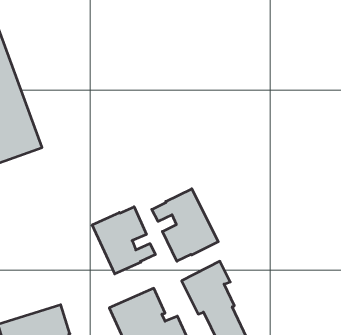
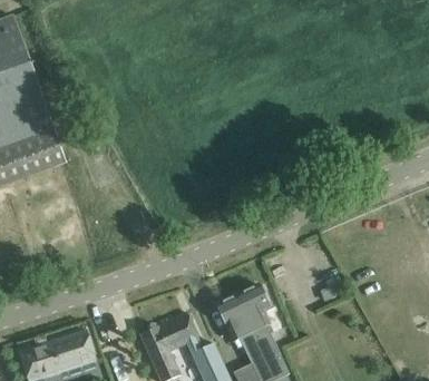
building: [152,189,218,261] -> none
building: [92,207,155,274] -> none

